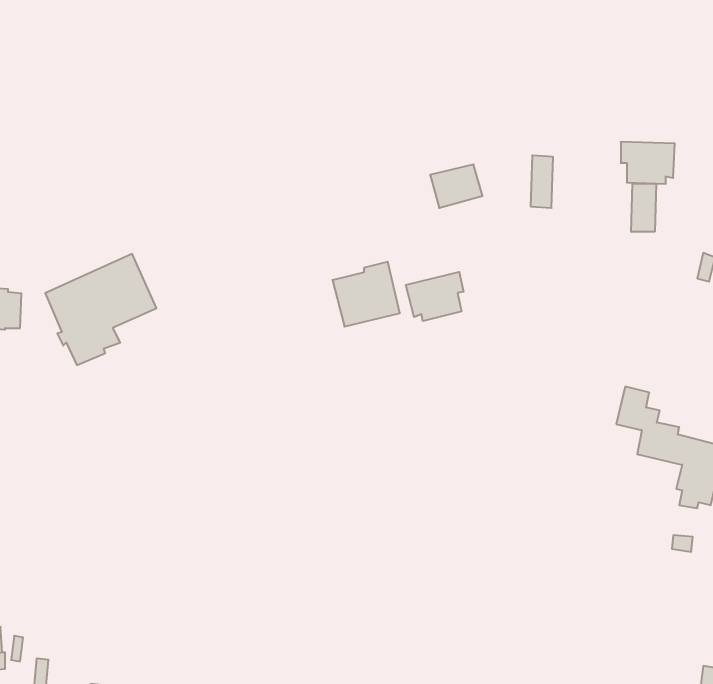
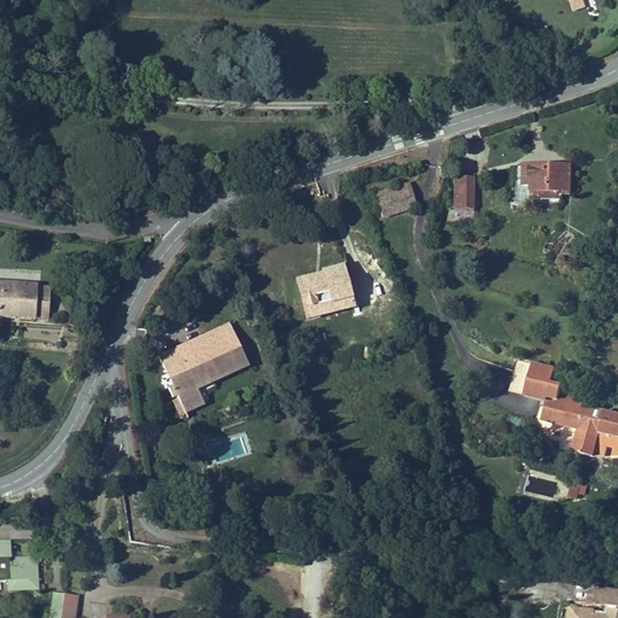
building: [631,184,656,232] -> none
building: [45,254,156,365] -> [157,317,246,407]
building: [406,272,464,321] -> none

